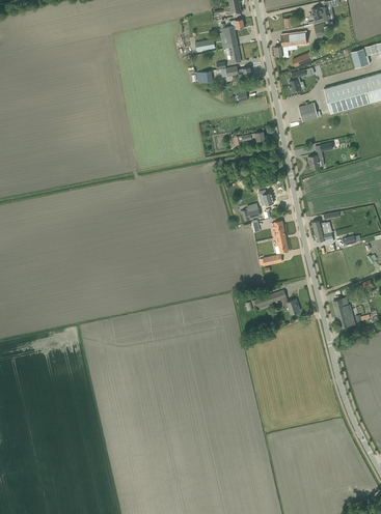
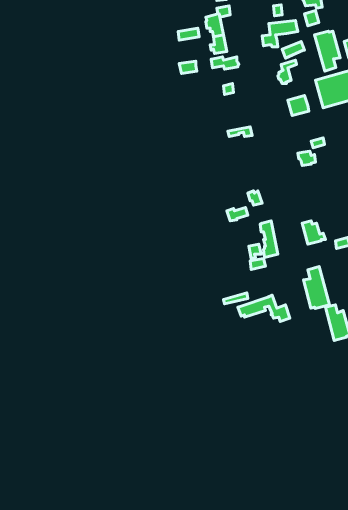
building: none -> [315,31,340,71]
building: none -> [303,266,329,308]

